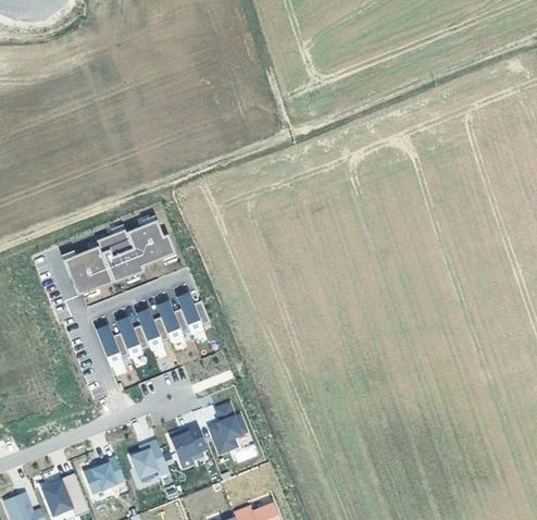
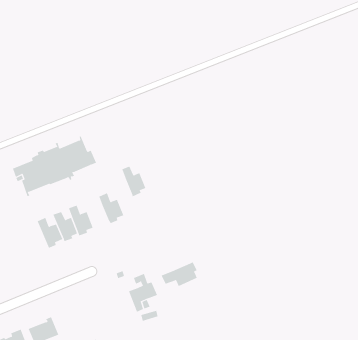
building: [157,300,189,342] -> [122,166,146,197]
building: none -> [161,261,198,287]
building: [168,423,207,459] -> none
building: [129,439,168,476] -> none

